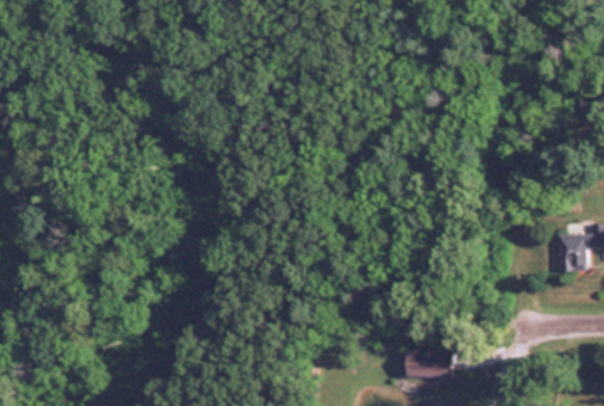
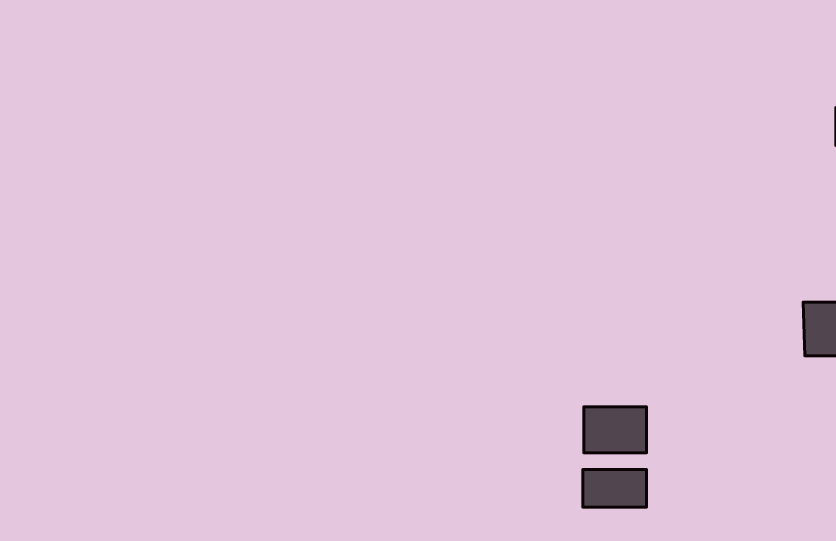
building: none -> [584,407,646,453]

